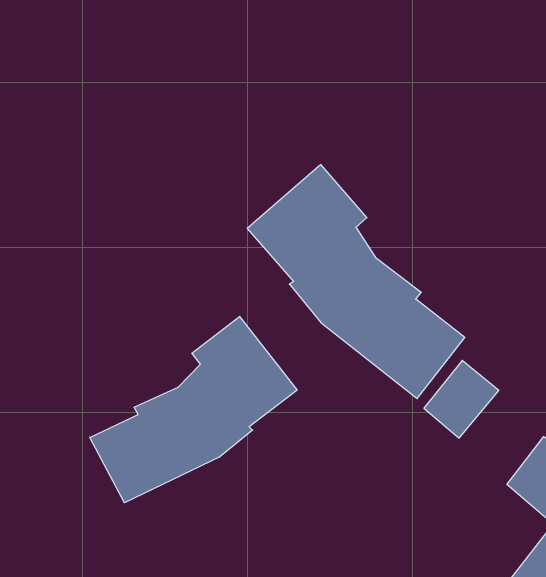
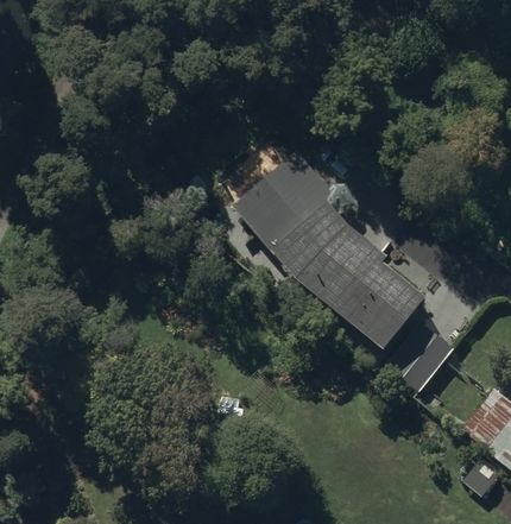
building: [90,316,297,503] -> none

